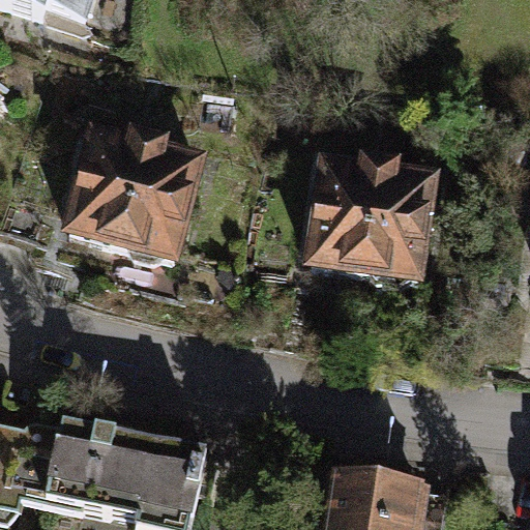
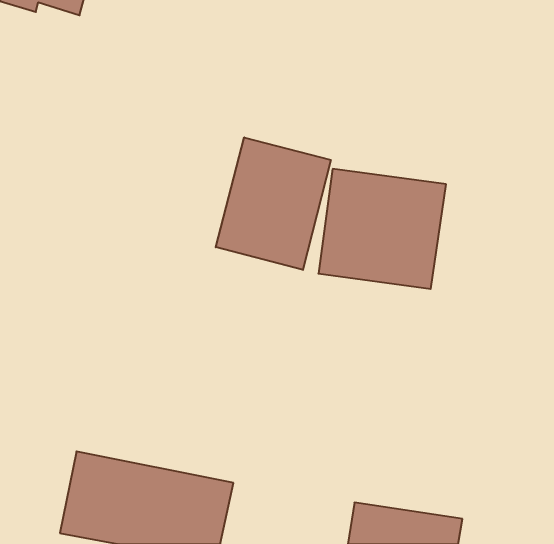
building: [63,130,193,255] -> none
building: none -> [216,137,331,270]

